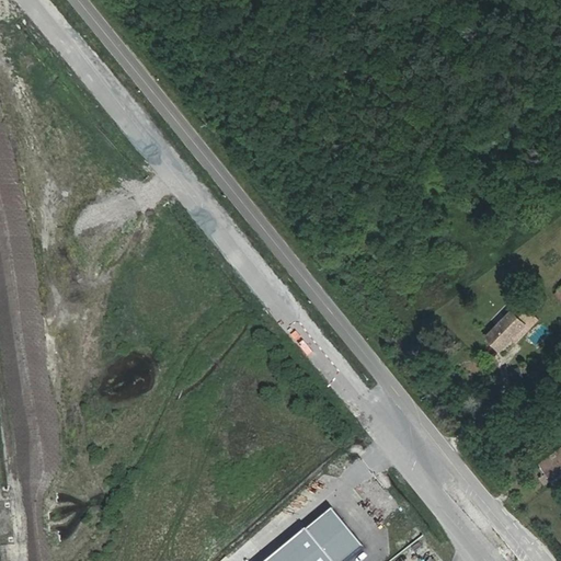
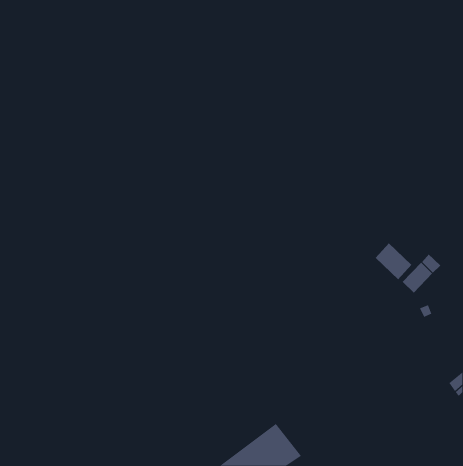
building: none -> [375,242,412,280]

